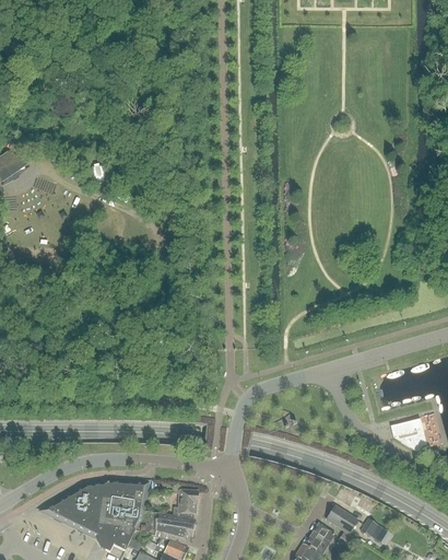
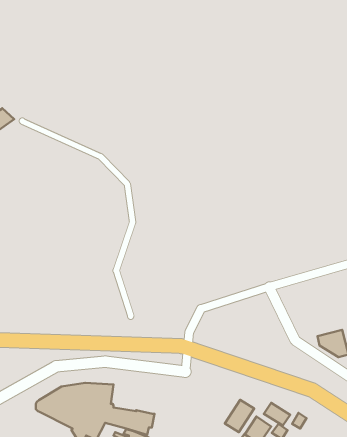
building: [174,489,198,518] -> none
building: none -> [225,400,254,432]

